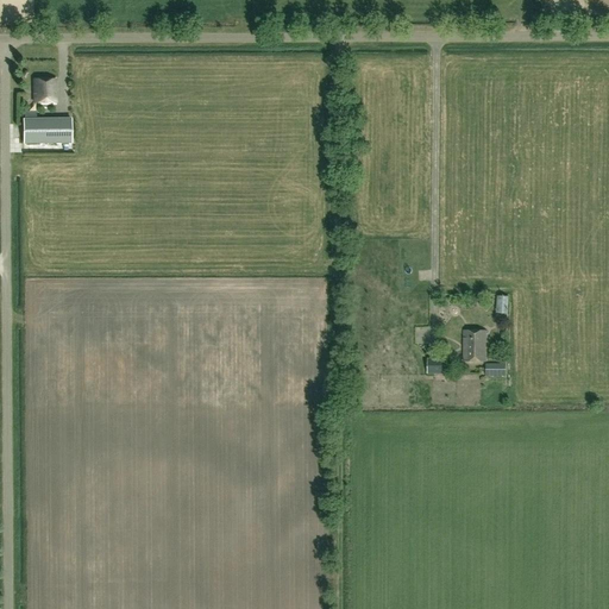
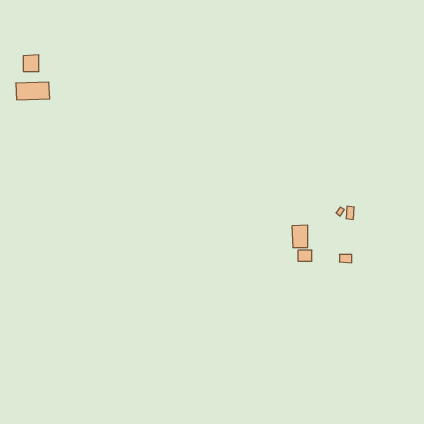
building: [463,329,485,362] -> [292,225,308,247]

